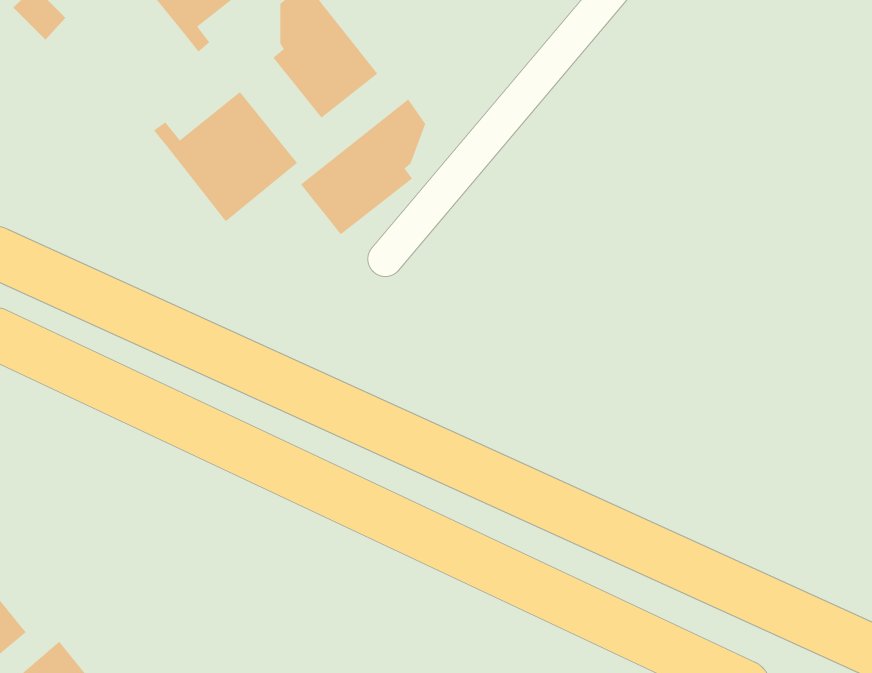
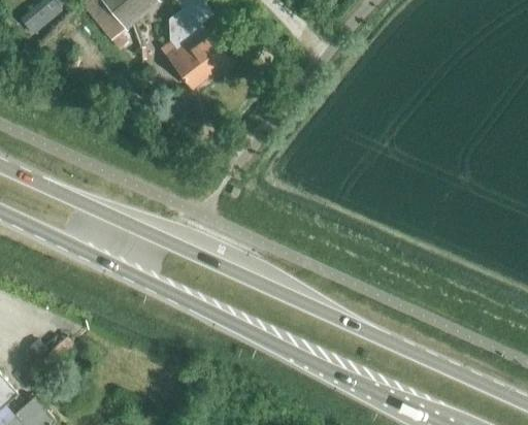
building: [153,91,298,222] -> none
building: [300,98,426,235] -> none

